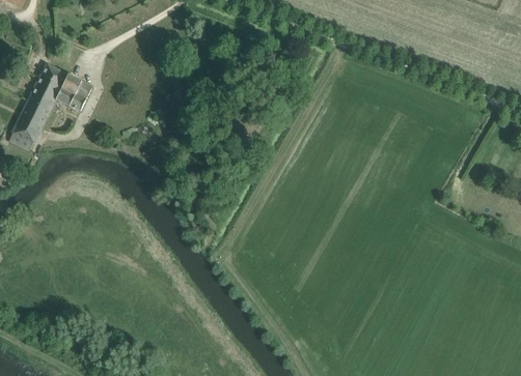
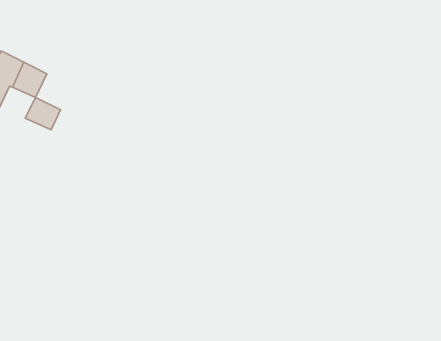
building: none -> [25,97,60,130]

